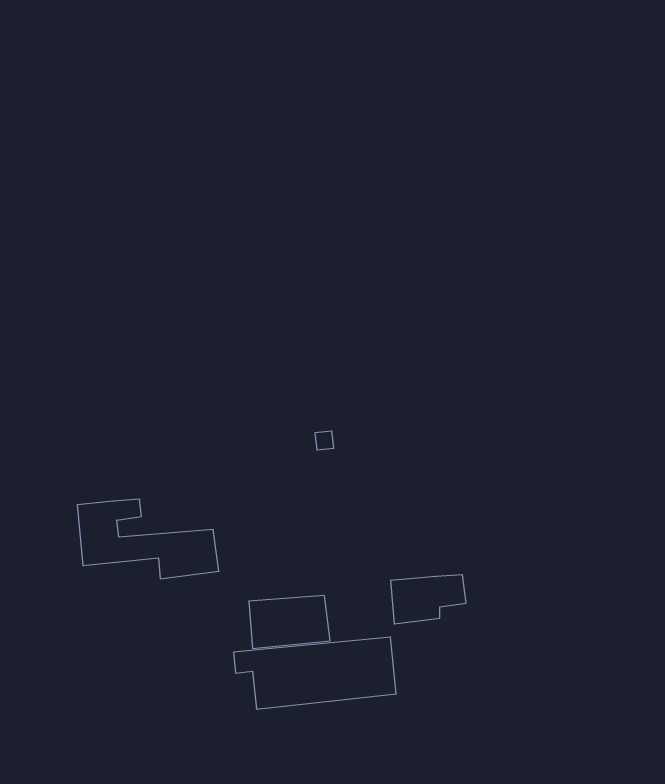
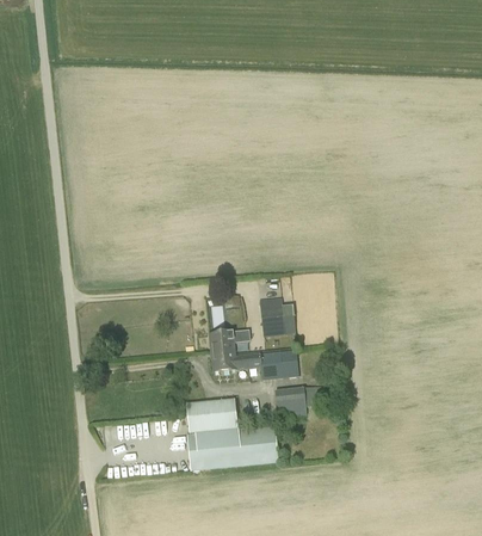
building: none -> [260,294,297,337]
building: [77,499,219,579] -> [210,329,299,380]

